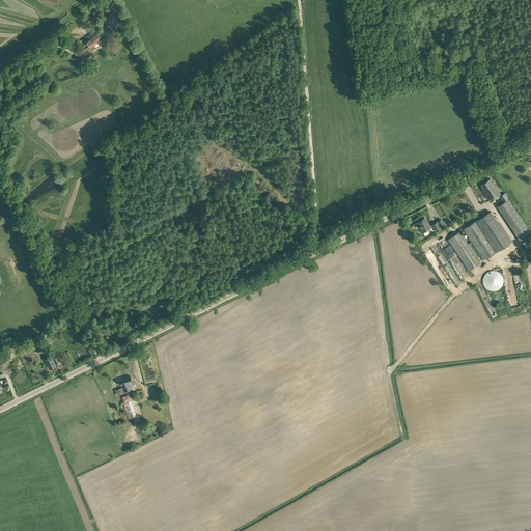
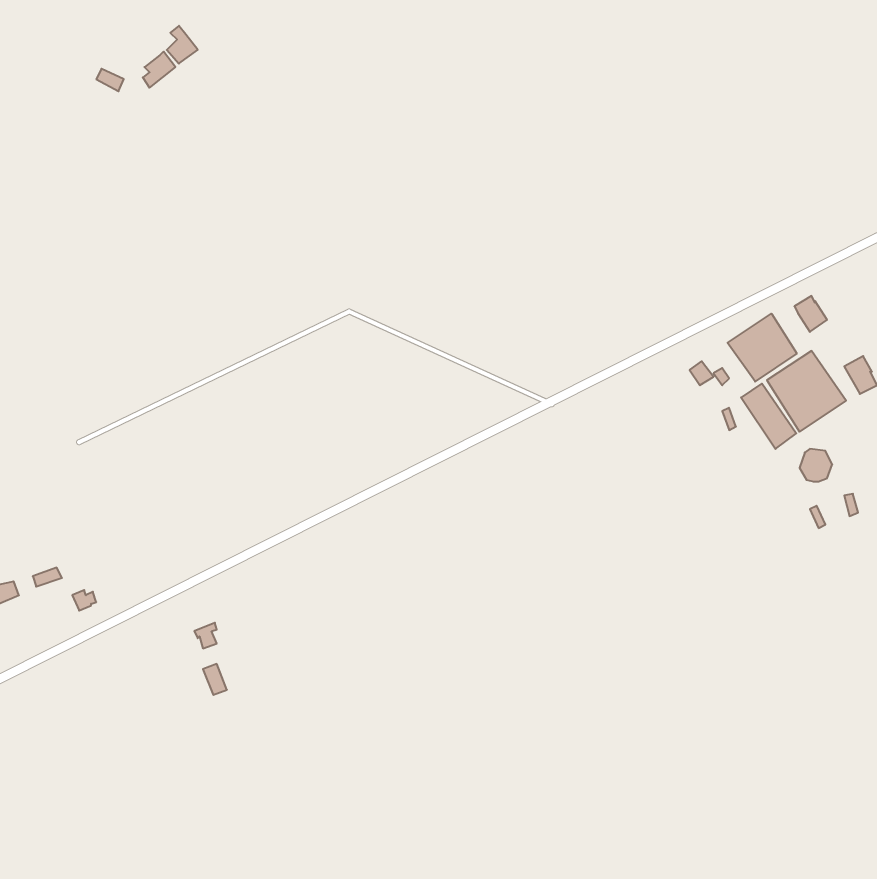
building: none -> [728,314,797,382]

